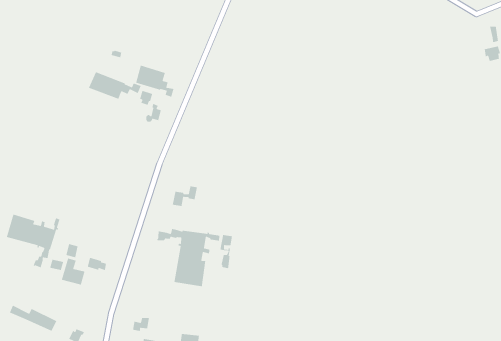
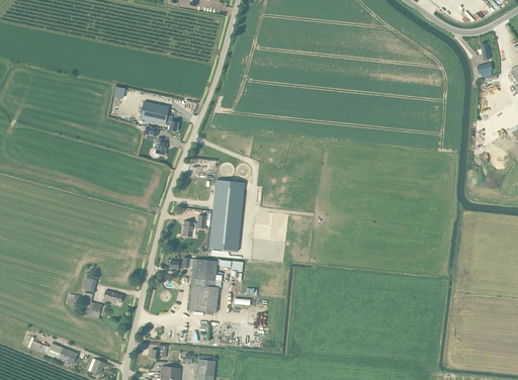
building: [88,71,142,100] -> none
building: none -> [209,180,245,252]
building: [6,213,60,269] -> none

